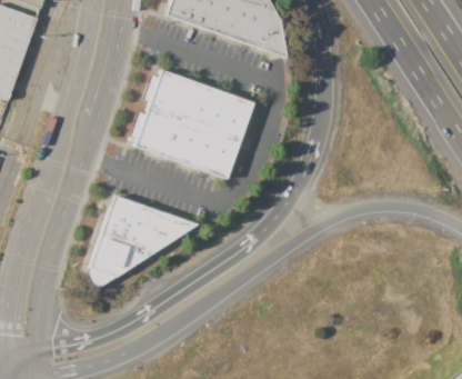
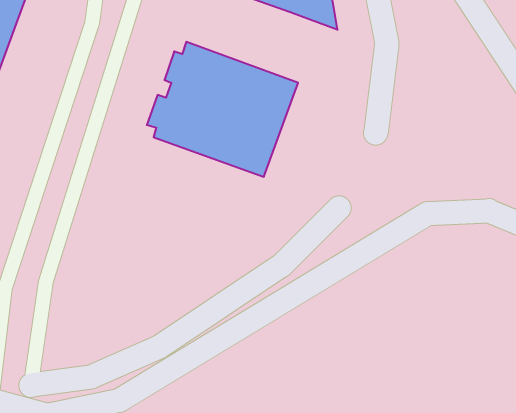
building: [89,197,199,289] -> none

